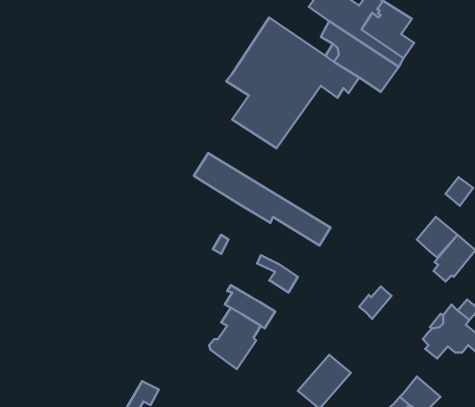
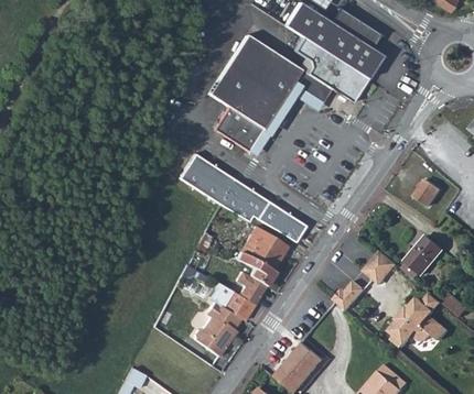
building: [417,217,457,258] -> [358,245,396,283]
building: none -> [240,225,289,271]
building: none -> [237,270,267,303]

